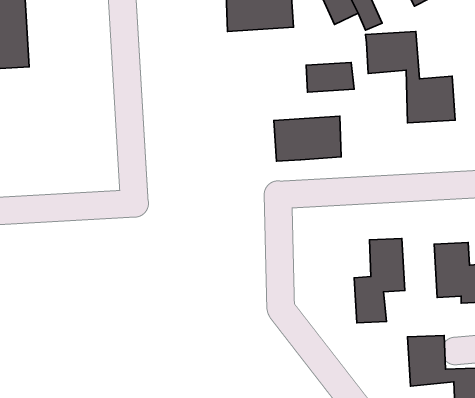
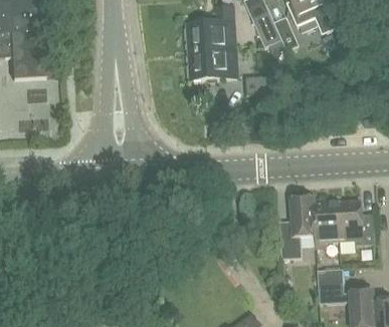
building: [366,31,455,123] -> none
building: [274,116,341,161] -> [188,47,236,79]
building: none -> [313,198,338,246]

